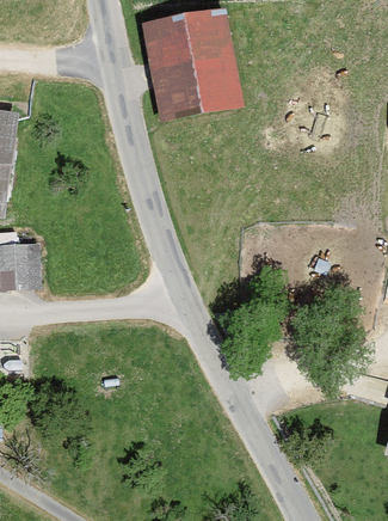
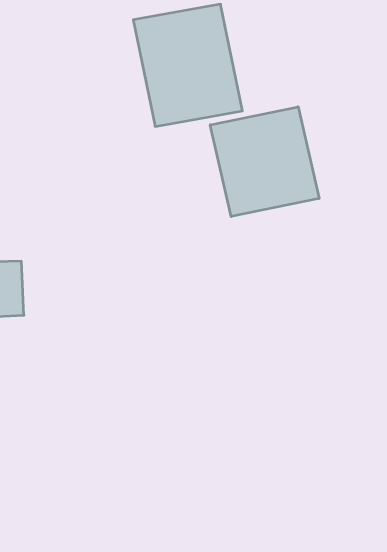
building: none -> [210,107,319,217]

